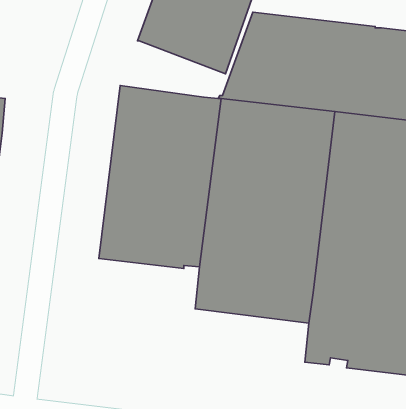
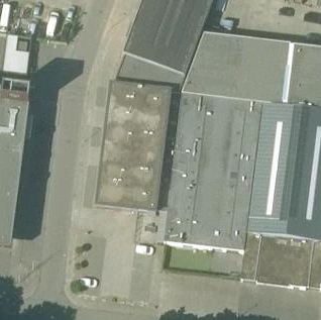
building: none -> [111,51,185,92]

